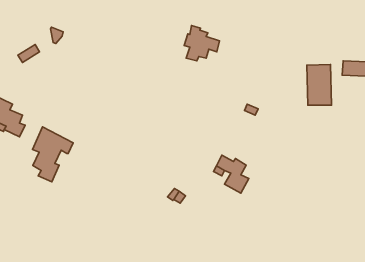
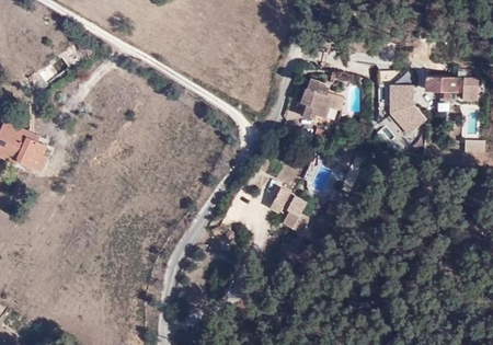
building: [184,26,220,61] -> [298,77,341,119]
building: [33,127,73,182] -> none

